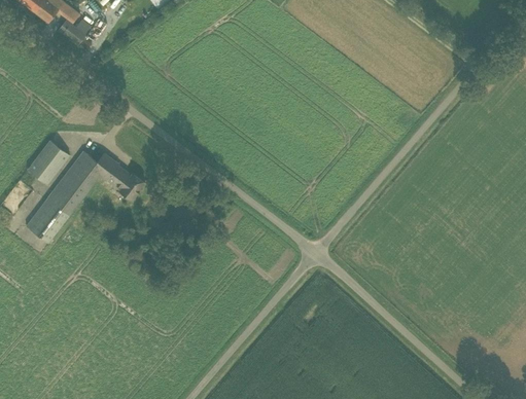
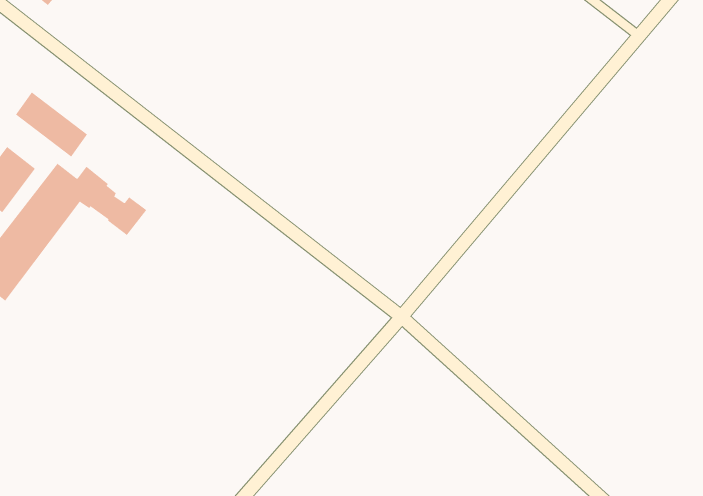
building: none -> [15,91,88,157]

